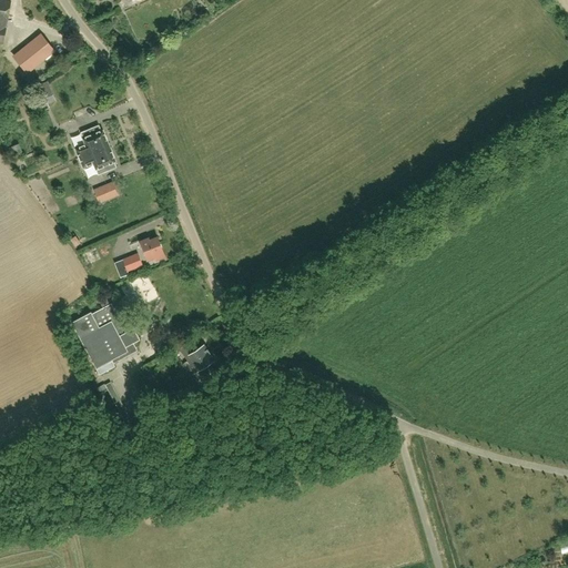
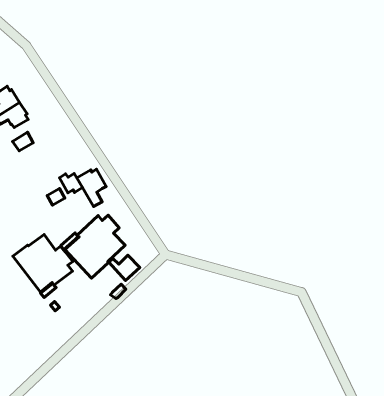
building: none -> [77,169,106,206]
building: none -> [61,215,125,278]

